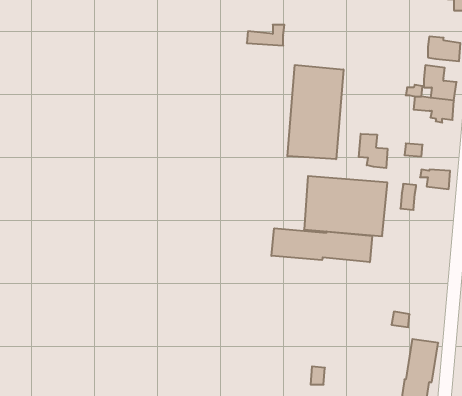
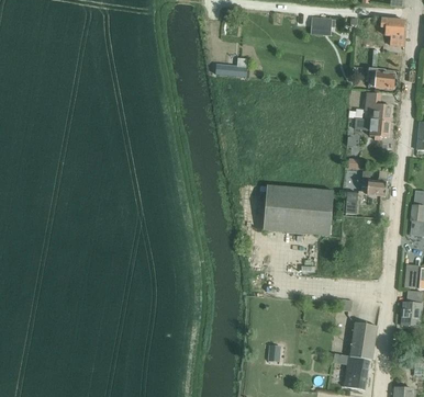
building: [287,65,343,159] -> none
building: [359,134,387,168] -> none
building: [271,228,372,262] -> none

